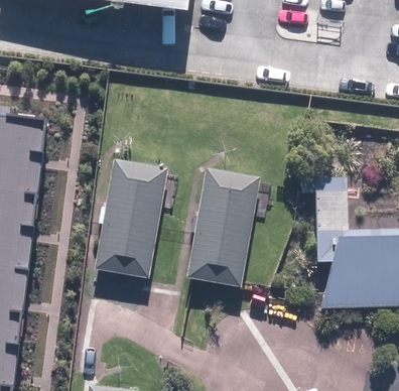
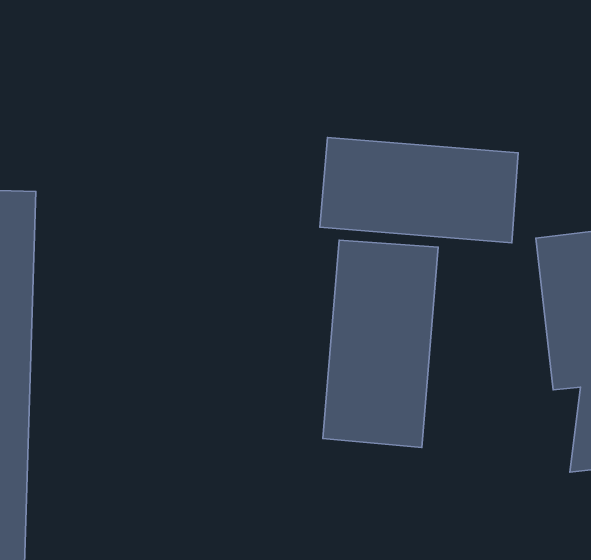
building: none -> [320,138,518,243]
building: [95,160,168,279] -> none

